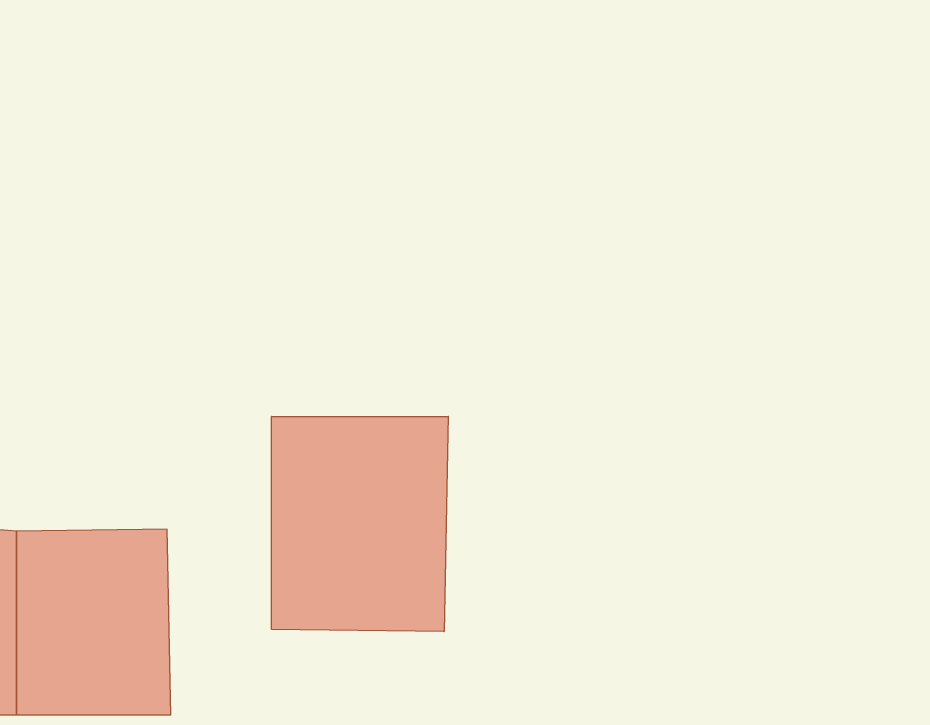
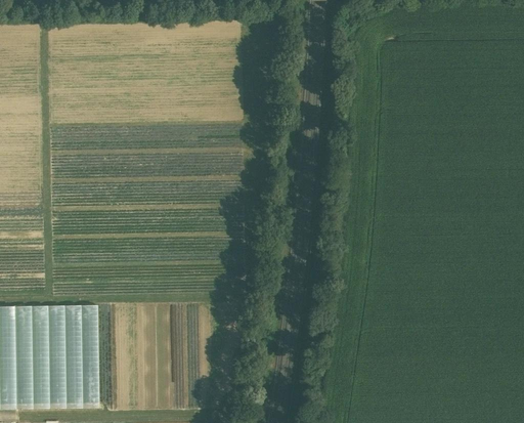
building: [272,416,448,632] -> none

